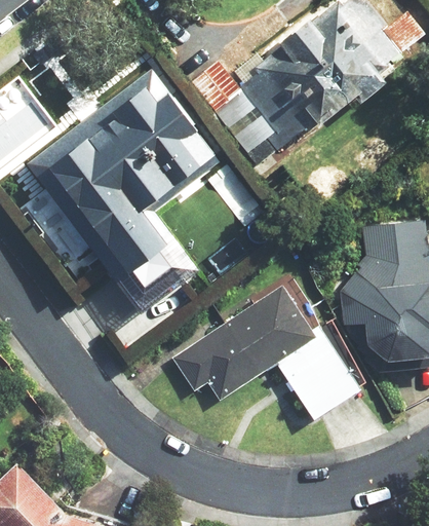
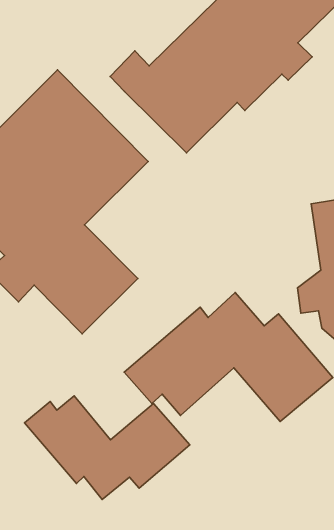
building: none -> [24,396,190,500]

